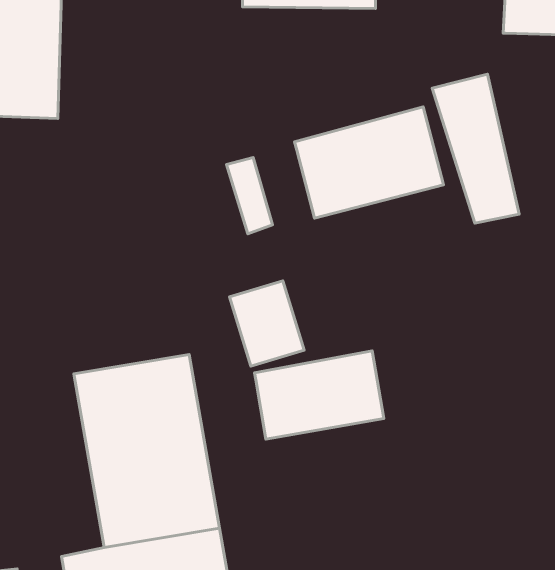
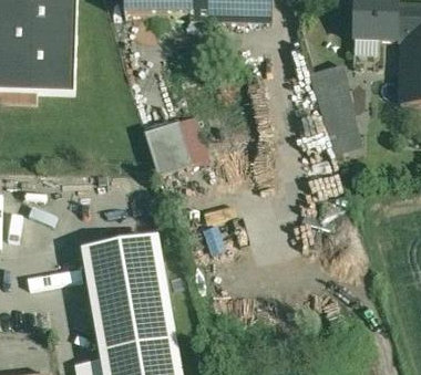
building: [295,107,443,218] -> none
building: [230,281,304,366] -> [145,119,192,173]
building: [254,351,384,439] -> none

